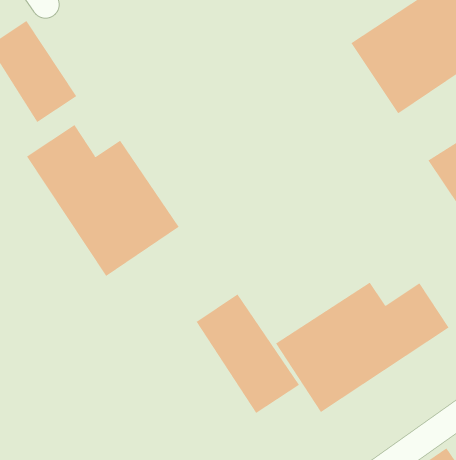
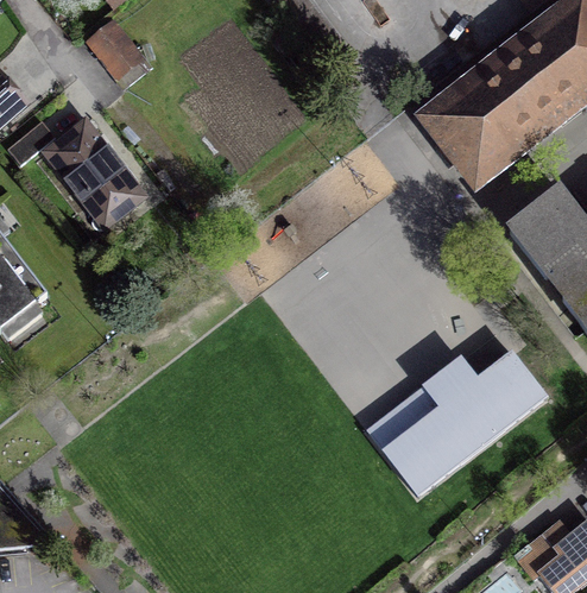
building: [26,124,180,277] -> none
building: [196,294,300,414] -> none

